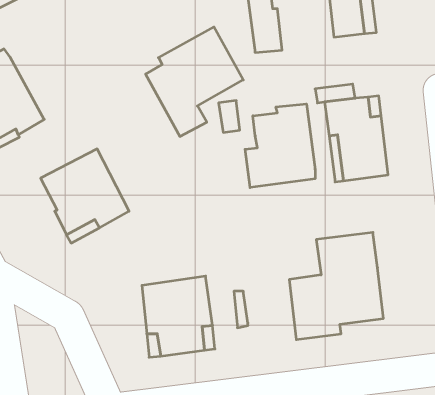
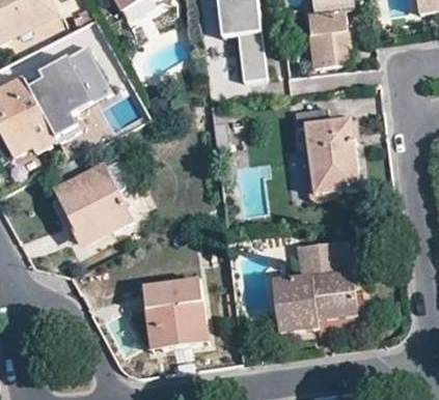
building: [146,27,243,136] -> [26,42,112,139]
building: [245,104,315,188] -> none

